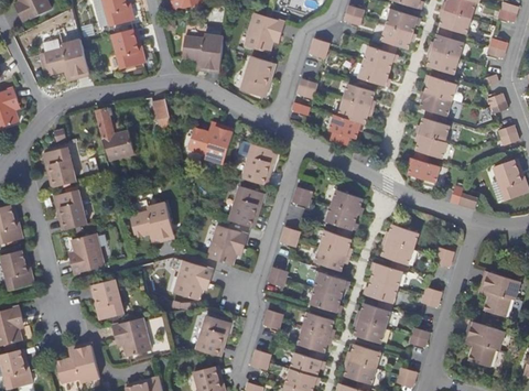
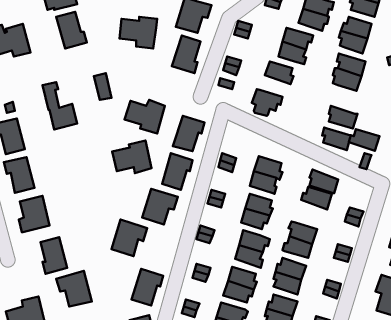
building: [338,99,373,123] -> none
building: [415,118,450,142] -> [349,129,380,151]
building: [129,204,173,240] -> [112,141,152,173]
building: [381,238,413,264] -> [310,170,338,193]

